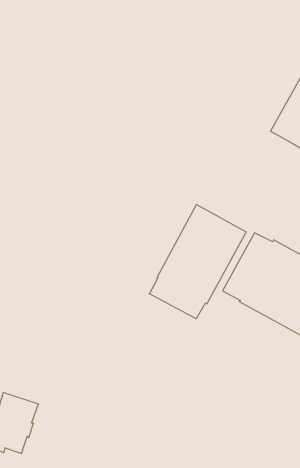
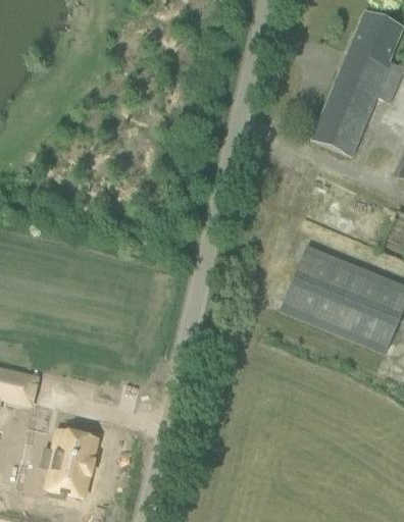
building: [149,204,246,319] -> none

